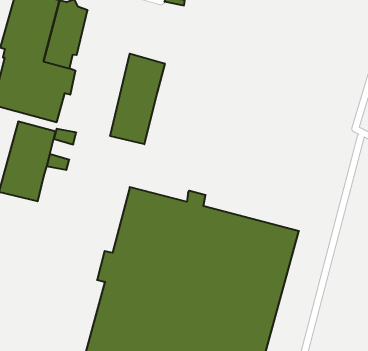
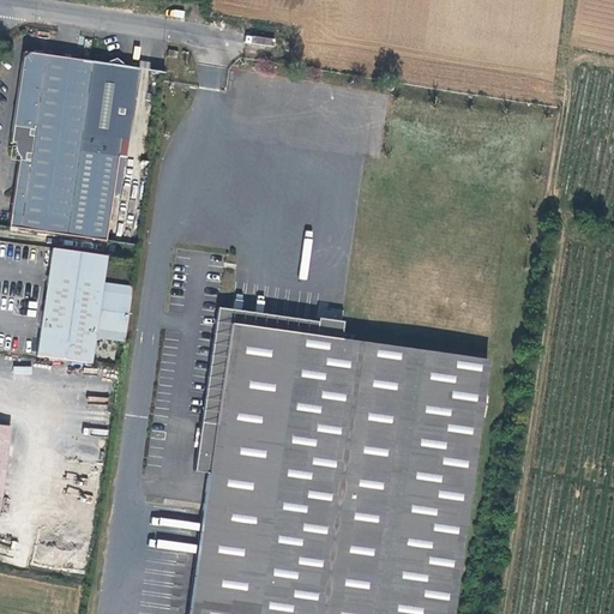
building: [110,54,165,144] -> none
building: [54,129,76,144] -> [101,308,133,329]
building: none -> [204,308,318,426]

